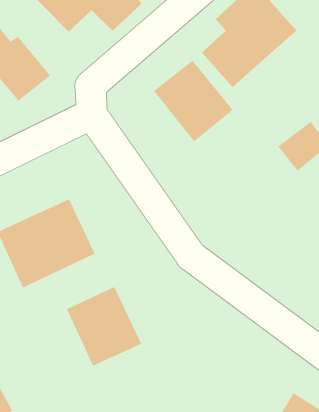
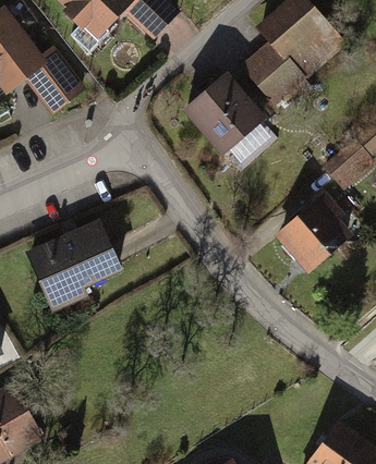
building: none -> [275,195,356,274]
building: [66,286,142,367] -> none

